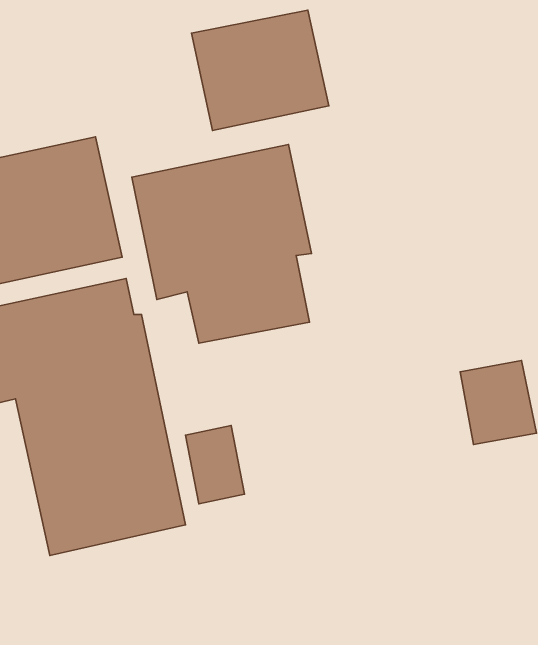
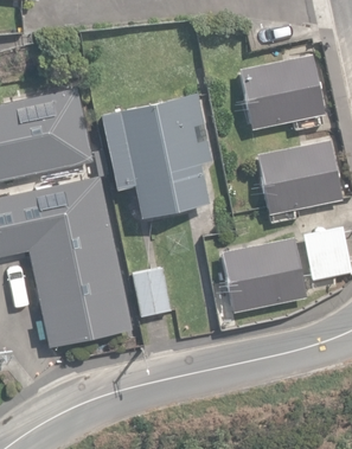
building: [191,10,329,131] -> [239,56,325,130]
building: none -> [257,140,343,216]
building: none -> [220,238,307,313]

